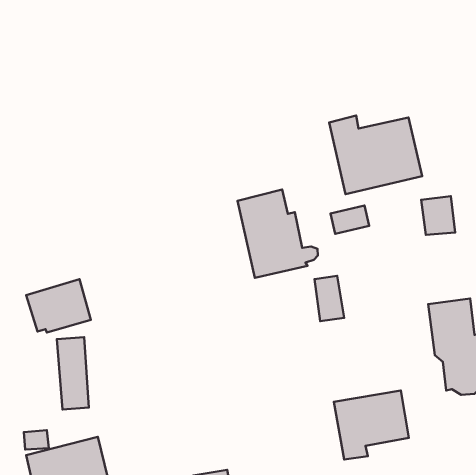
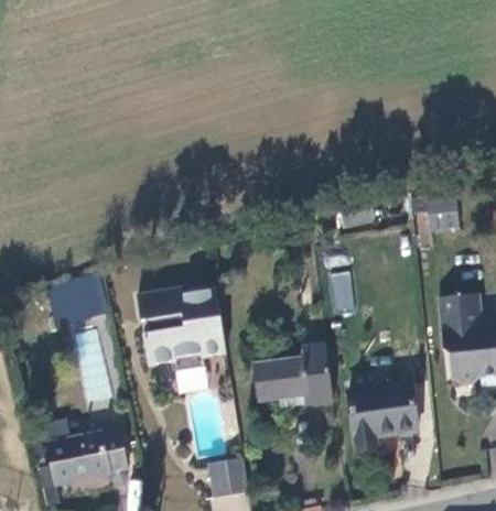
building: [329,116,422,194] -> none
building: [237,190,318,278] -> none
building: none -> [137,289,226,372]
building: none -> [254,340,334,405]

